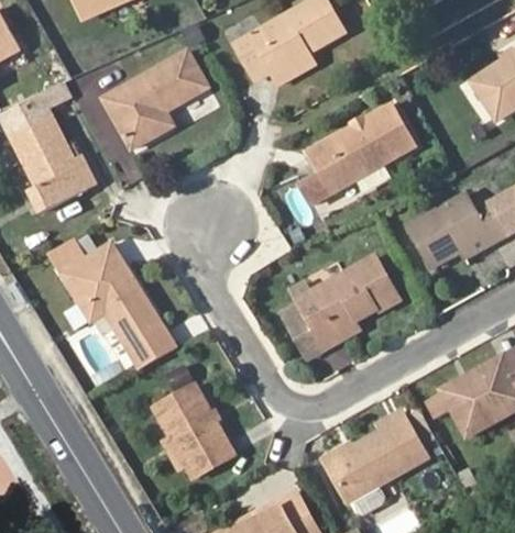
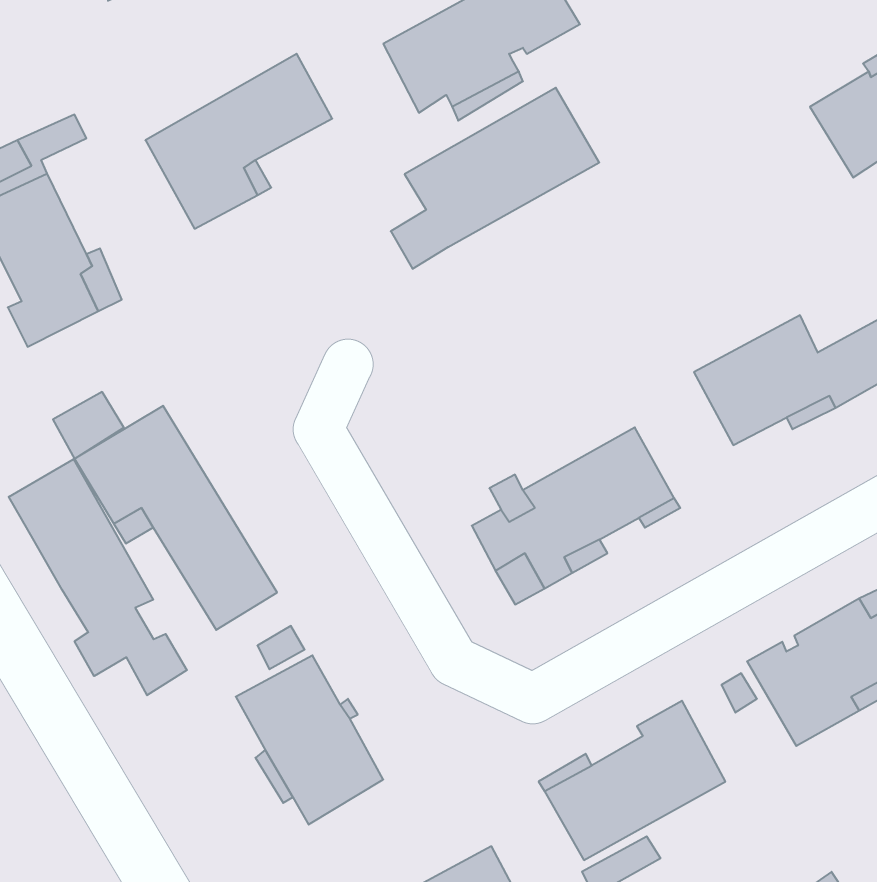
building: [300,104,417,206] -> [391,88,599,269]
building: none -> [9,459,187,695]

